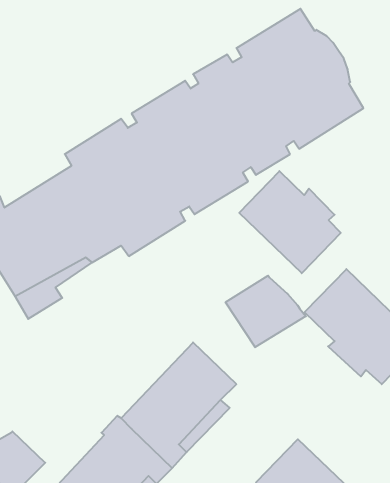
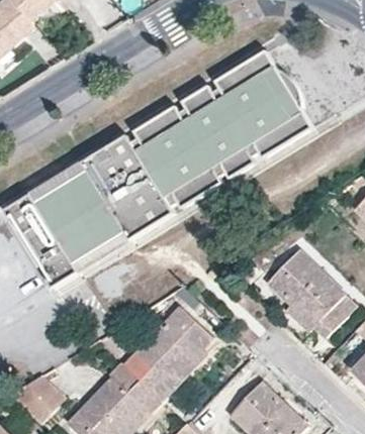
building: [239,171,341,273] -> none
building: [226,276,306,347] -> none

